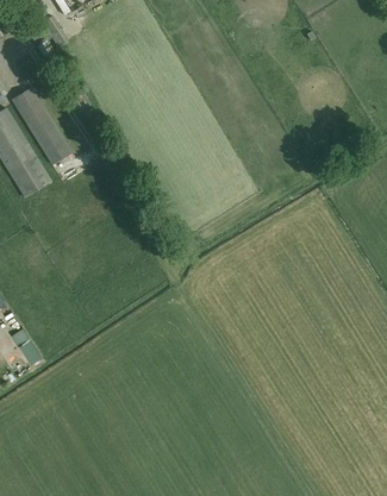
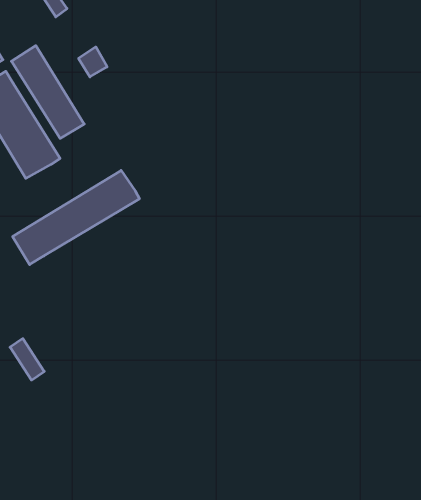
building: none -> [13,170,139,265]

